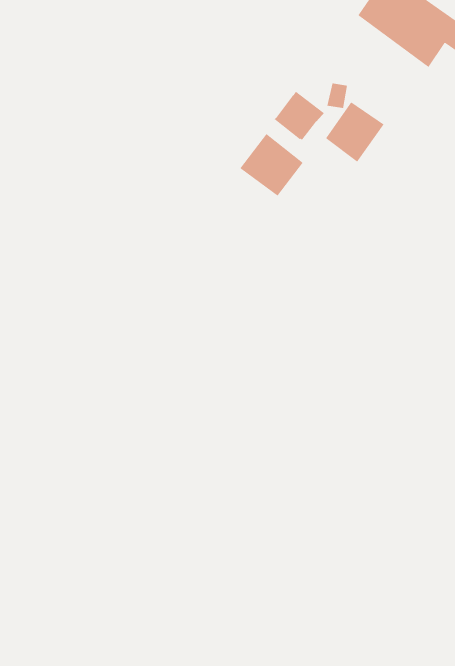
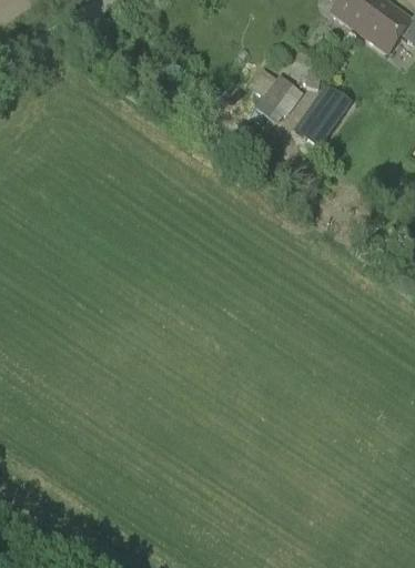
building: [239,133,304,196] -> none

